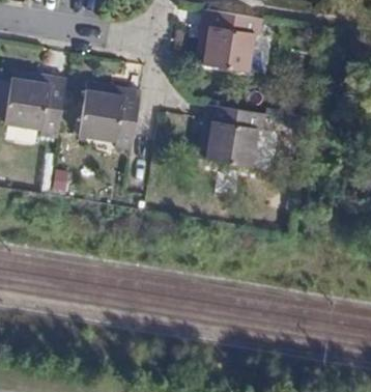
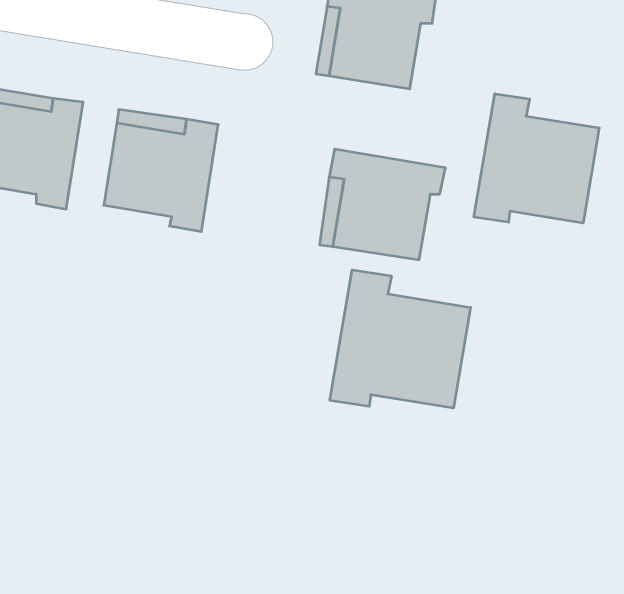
building: none -> [474,94,599,223]
building: none -> [330,270,471,408]

